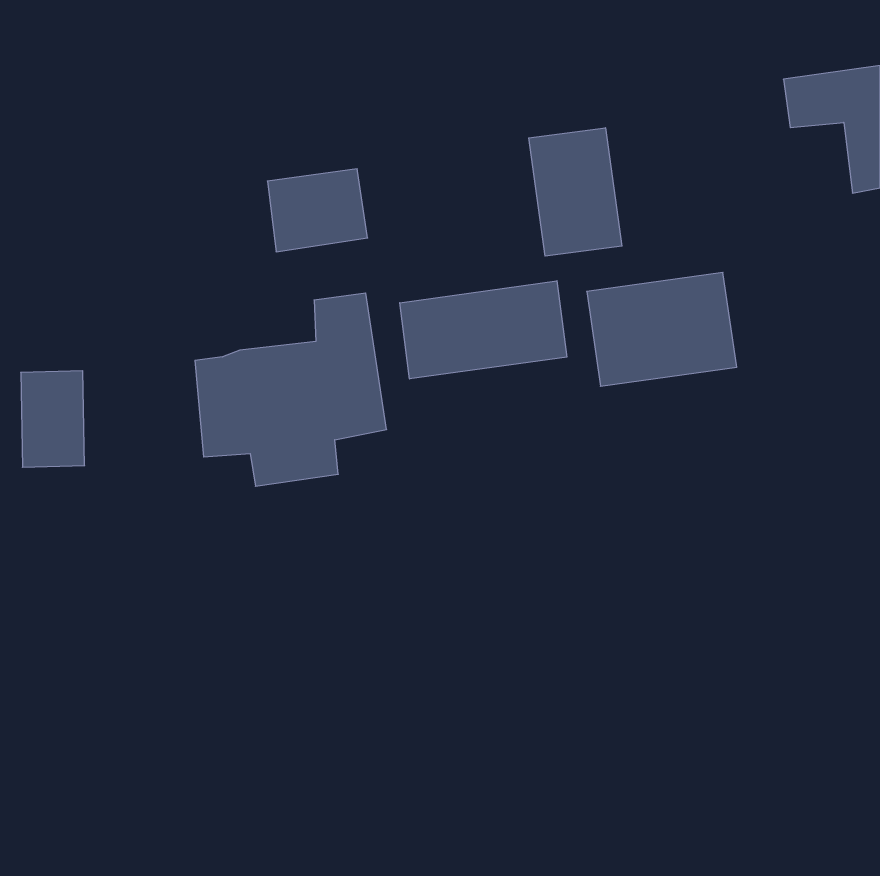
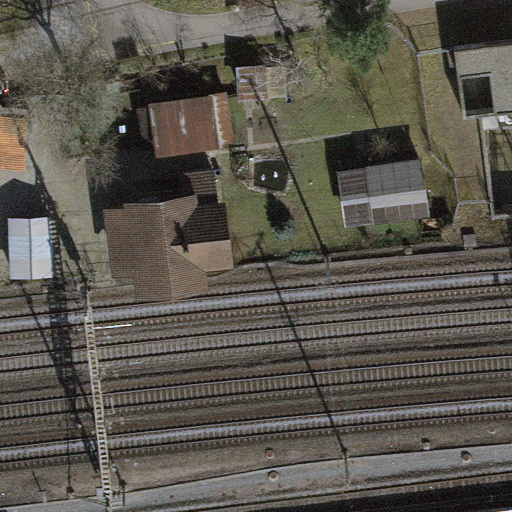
building: [529,128,622,256] -> none
building: [400,281,567,379] -> none

